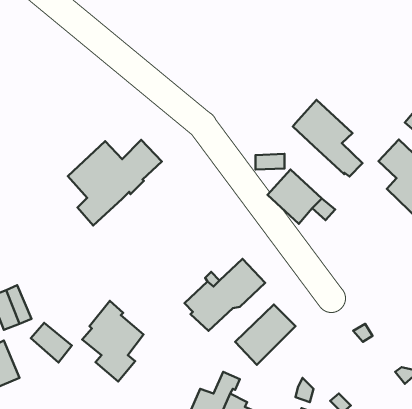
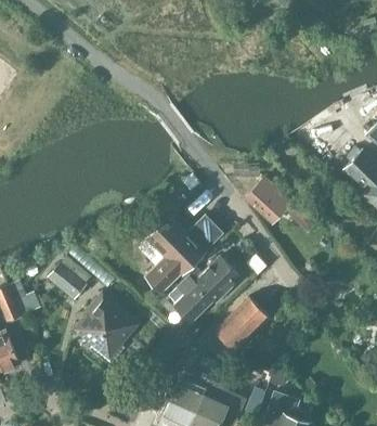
building: [293,100,363,176] -> none
building: [68,140,162,225] -> [139,215,223,292]
building: [31,323,72,362] -> [48,264,84,300]

